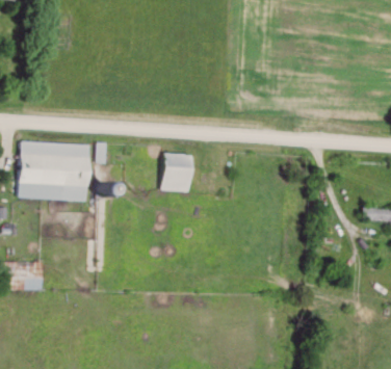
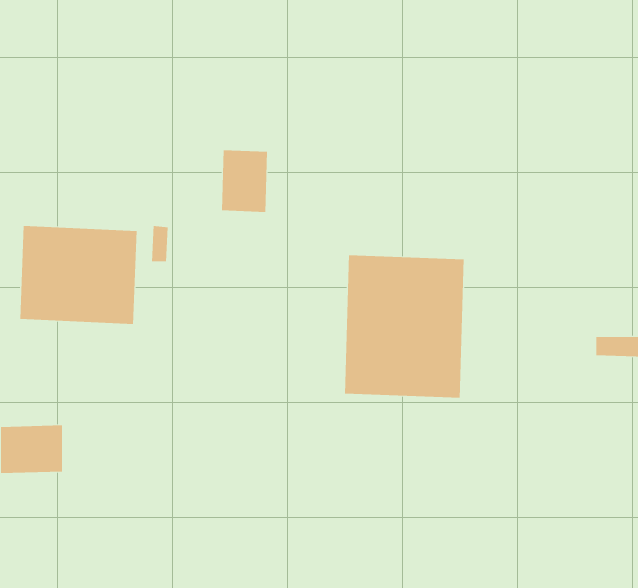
building: [163,153,191,190] -> [221,150,268,212]
building: none -> [345,255,464,399]

